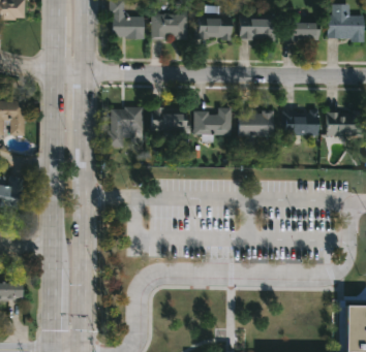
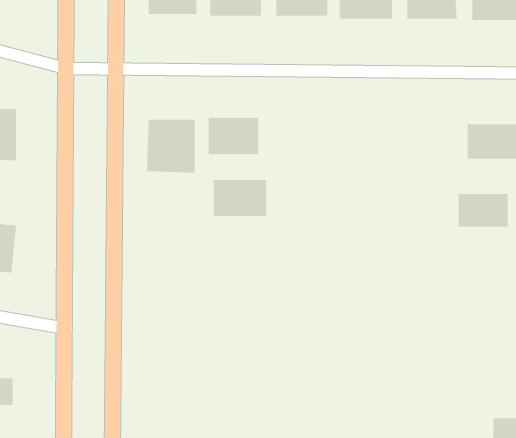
building: [195,108,232,133] -> [213,179,267,216]
building: [239,109,274,135] -> none
building: [285,110,319,133] -> [458,193,509,227]

